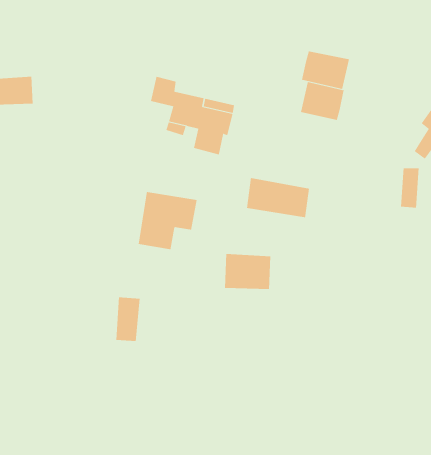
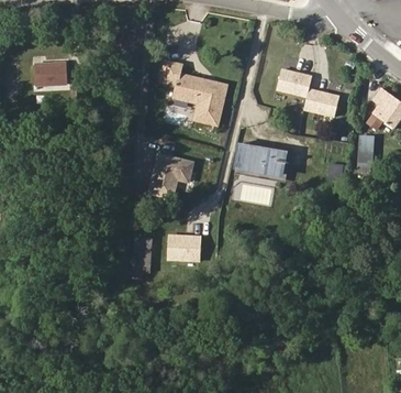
building: [301,51,350,90] -> [304,88,343,119]
building: [224,253,271,289] -> [166,233,203,262]

